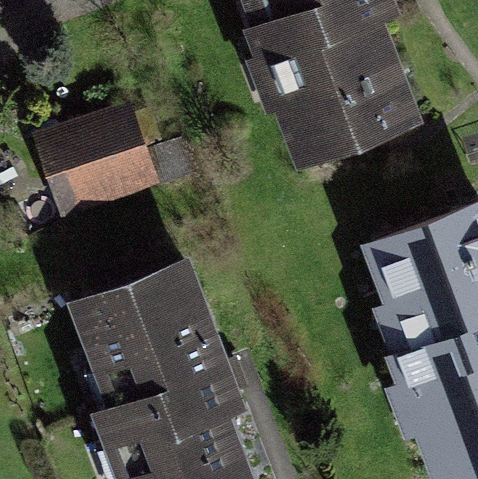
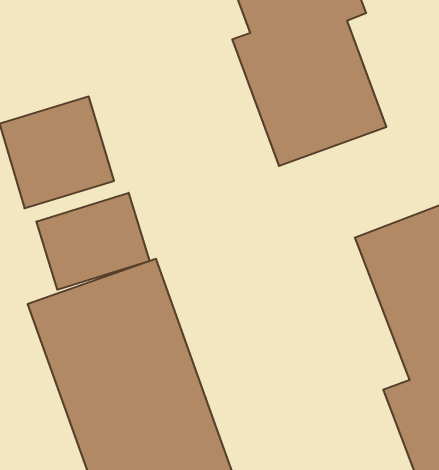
building: none -> [36,193,150,290]

